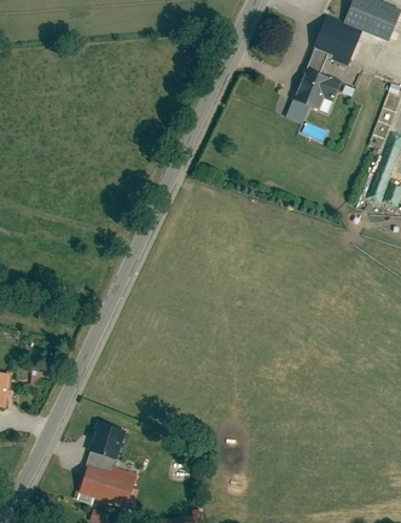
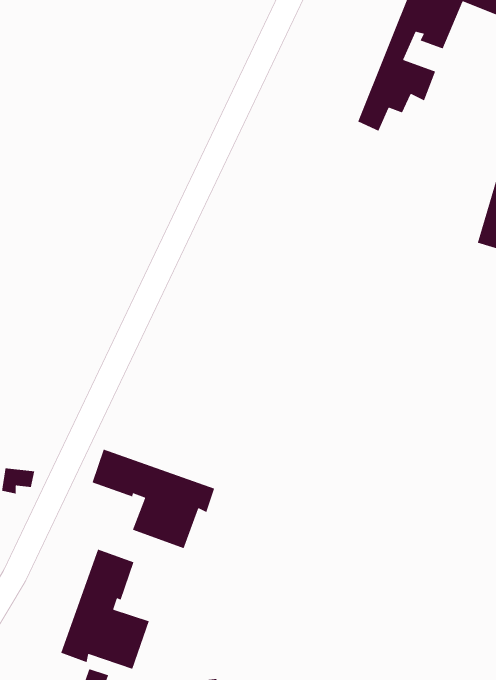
building: none -> [91,448,215,549]

